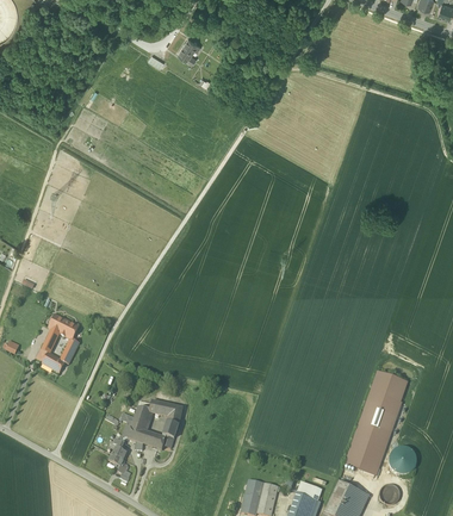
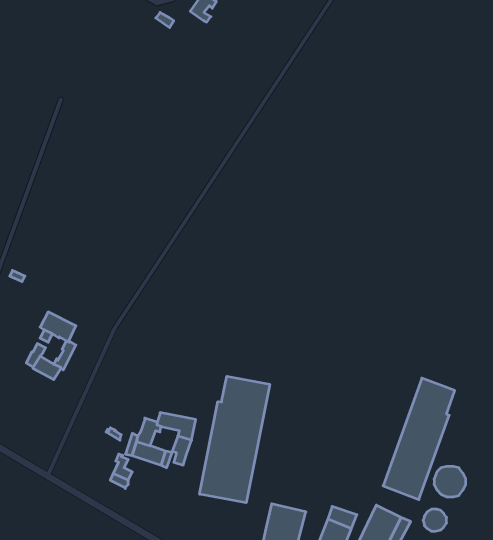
building: none -> [200,376,270,503]

